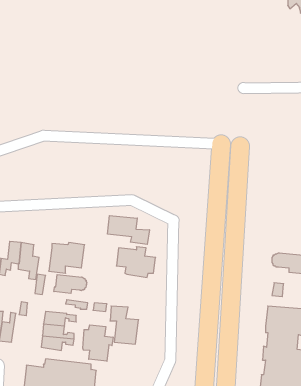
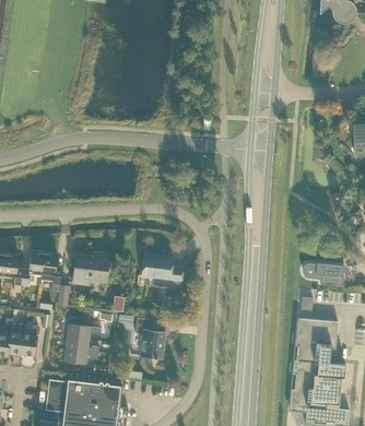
building: [108,216,149,244] -> none
building: [54,275,87,293] -> none
building: [83,325,113,361] -> none

